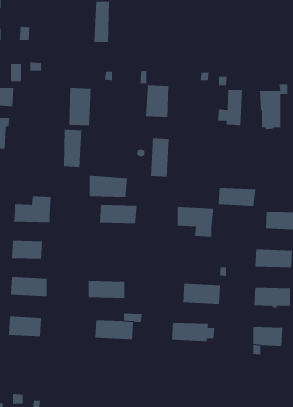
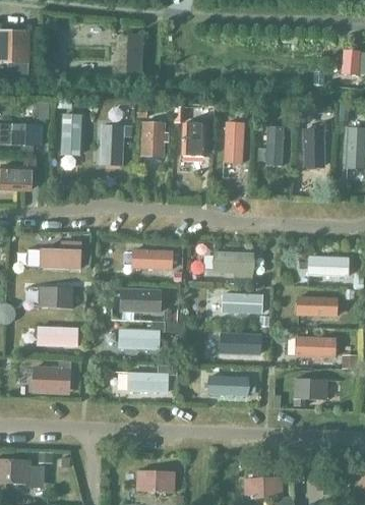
building: none -> [140,122,167,157]
building: [63,129,82,168] -> [61,114,81,155]
building: [150,138,169,177] -> [224,122,244,164]
building: [89,175,128,197] -> [120,289,162,313]
building: [218,187,256,207] -> [222,293,262,314]

